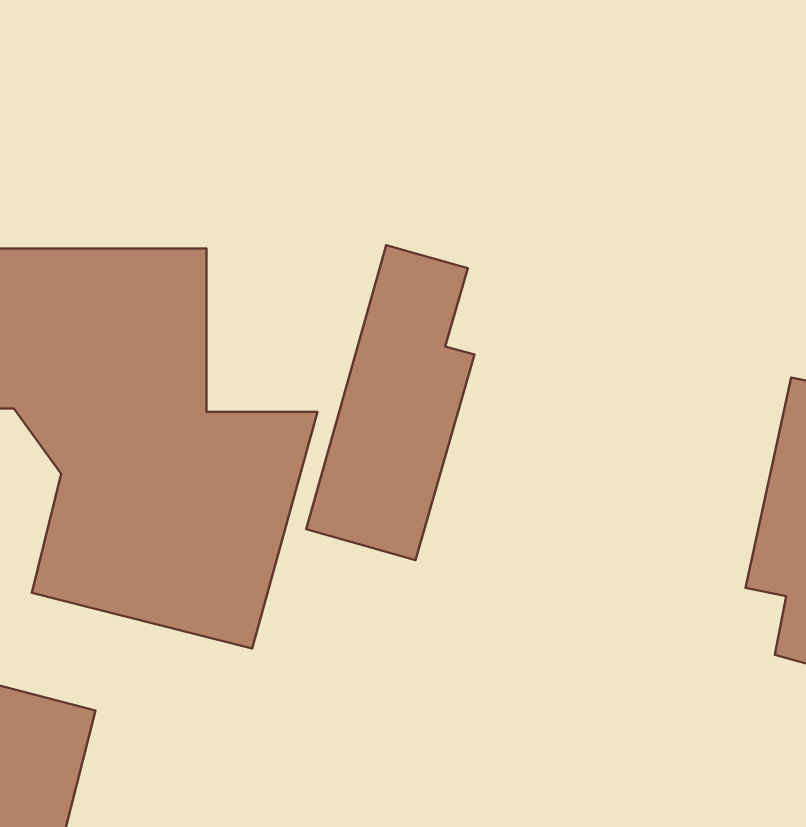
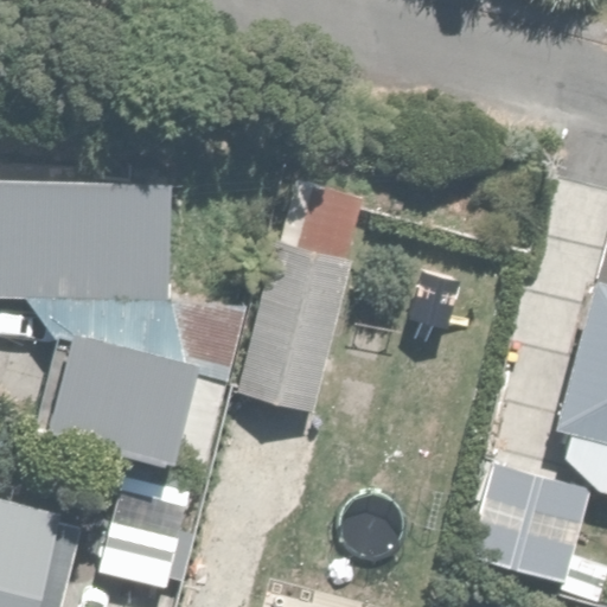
building: none -> [91,461,191,587]
building: none -> [461,465,590,587]

